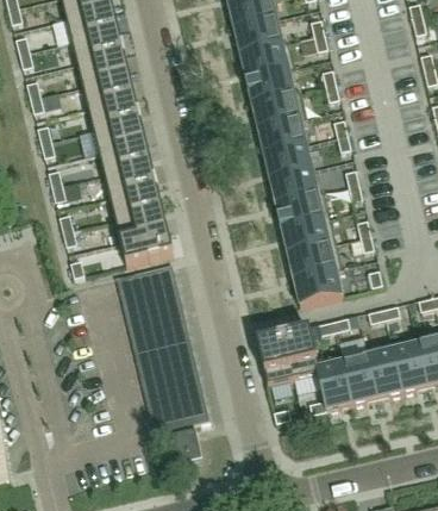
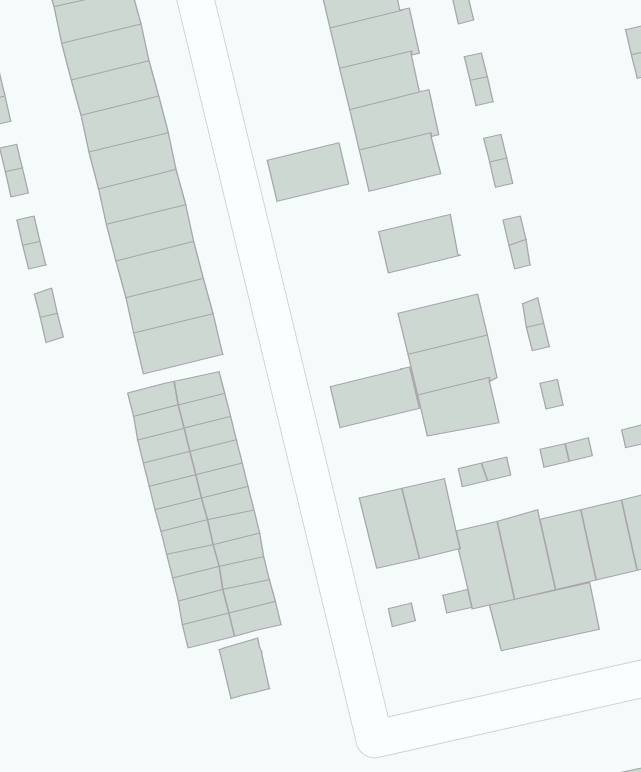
building: [264,143,314,179] -> [267,143,349,201]
building: [276,192,331,229] -> [330,367,420,428]
building: none -> [490,582,599,651]

